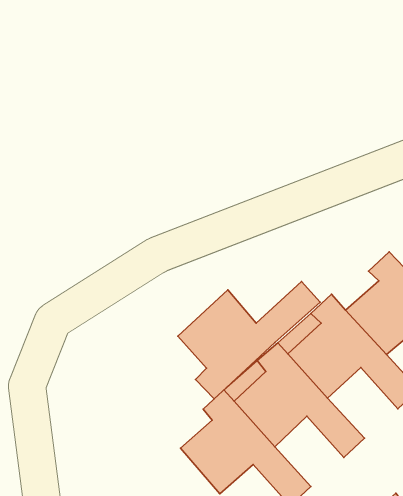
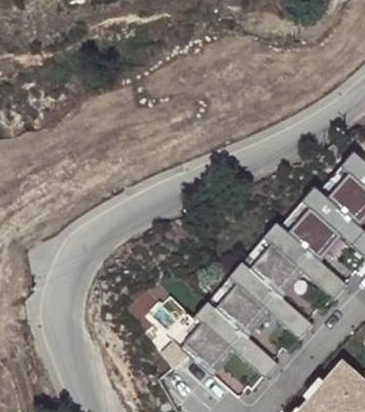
building: [178,281,320,399] -> none

